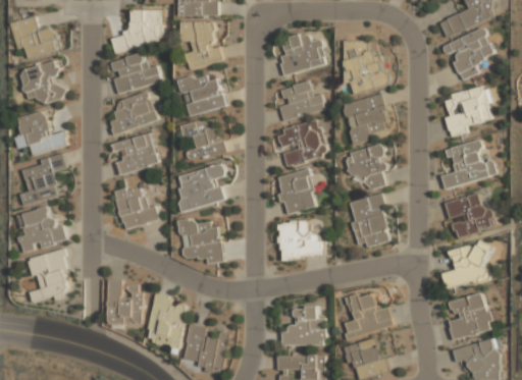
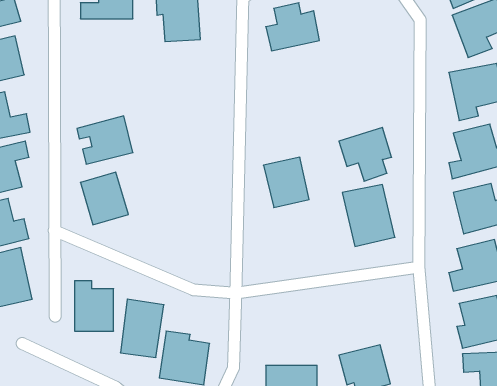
building: [342,40,385,90] -> none
building: [109,53,160,92] -> none
building: [177,71,225,116] -> none
building: [278,79,322,118] -> none
building: [108,91,157,133] -> none
building: [342,94,390,141] -> none
building: [180,119,224,161] -> none
building: [276,119,327,166] -> none
building: [174,163,226,211] -> none
building: [178,217,223,263] -> none
building: [277,220,323,259] -> none
building: [342,290,394,338] -> none
building: [279,306,324,345] -> none

